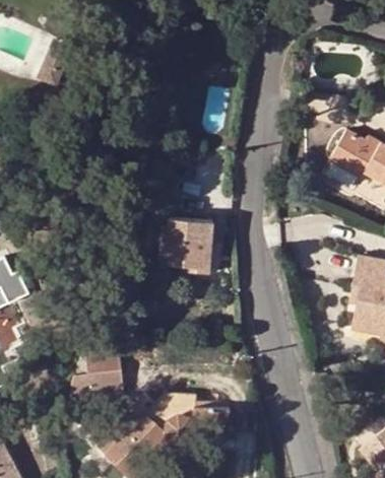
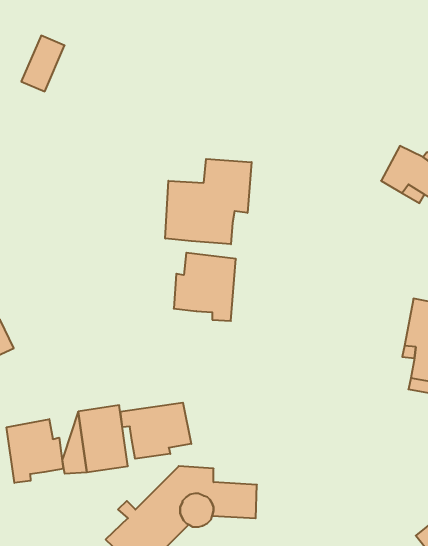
building: none -> [165,159,252,244]
building: none -> [120,403,191,459]
building: none -> [7,419,63,483]

